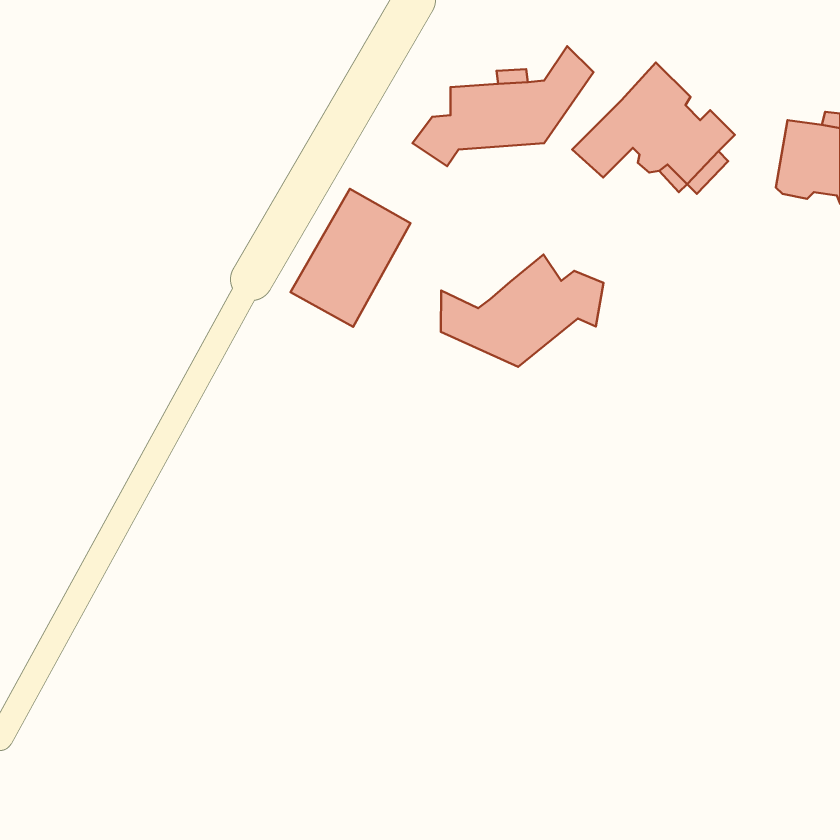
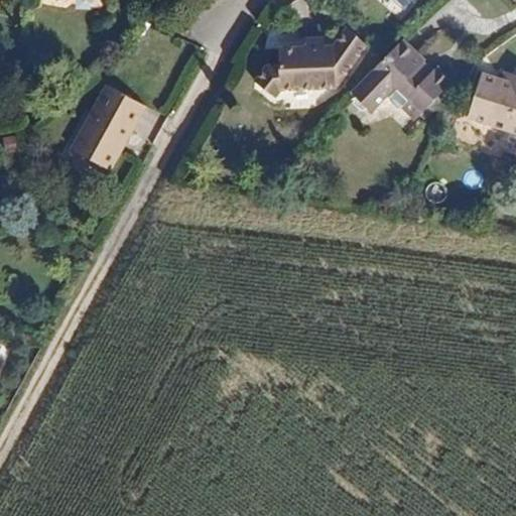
building: [291,189,411,327] -> [70,87,143,171]
building: [441,254,604,367] -> none

